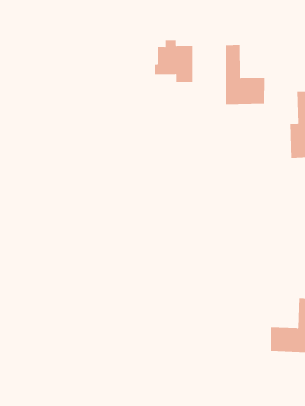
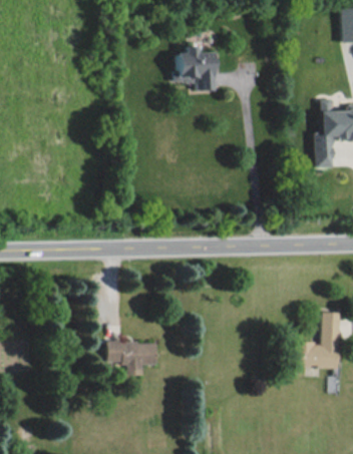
building: [226,44,265,105] -> none
building: none -> [106,341,156,375]

